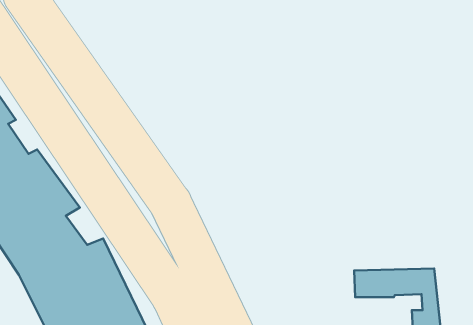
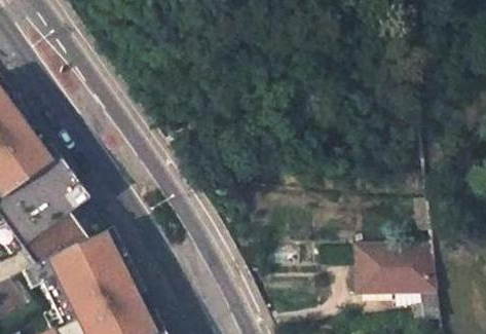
building: none -> [353,238,432,263]

